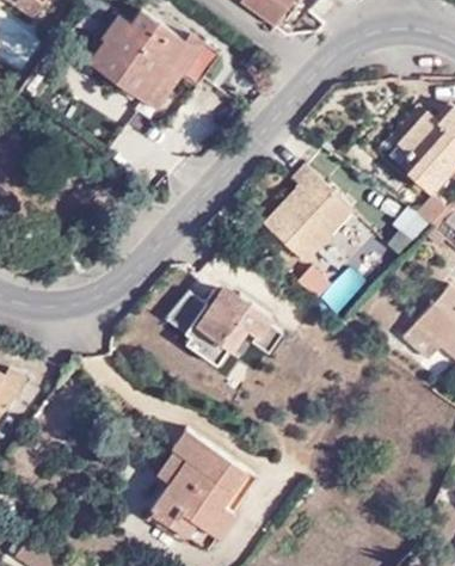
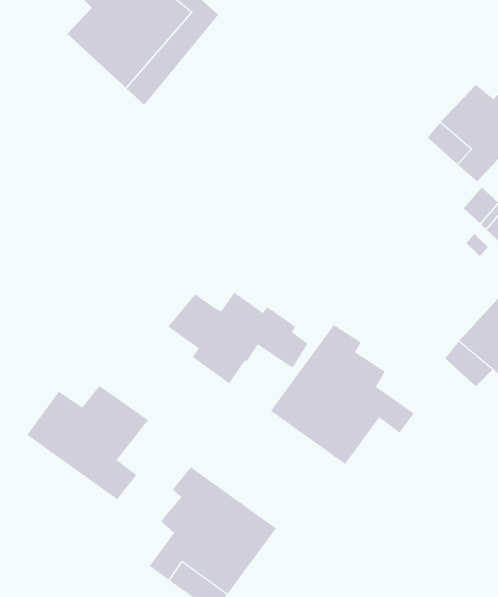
building: [273,164,359,259] -> none
building: none -> [270,324,414,465]
building: none -> [26,385,149,500]

